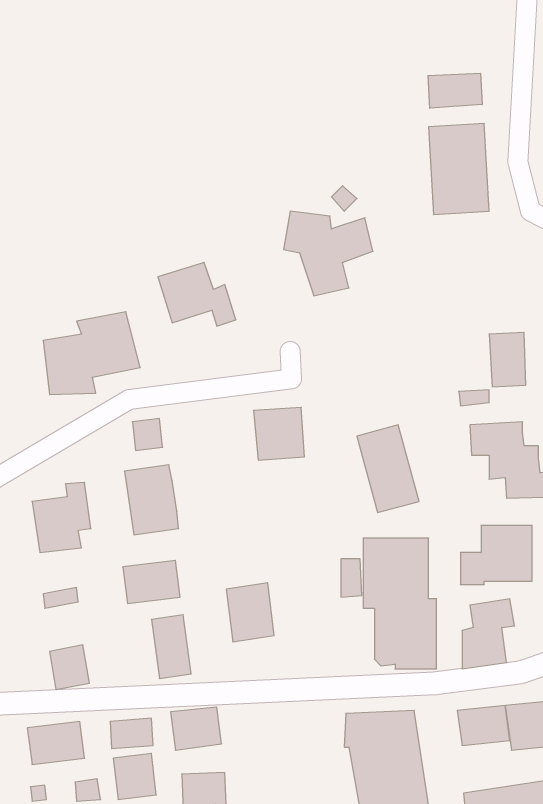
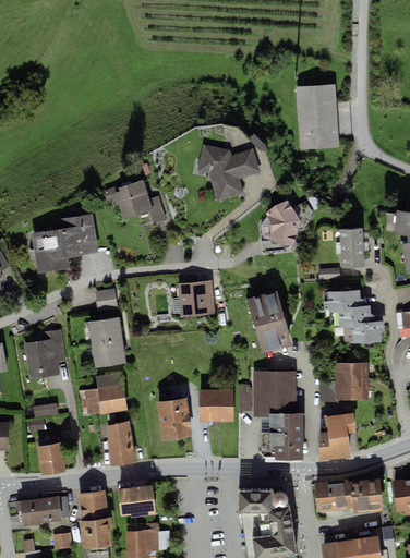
building: [428,73,482,108] -> none
building: none -> [266,201,301,246]
building: none -> [198,389,232,421]

